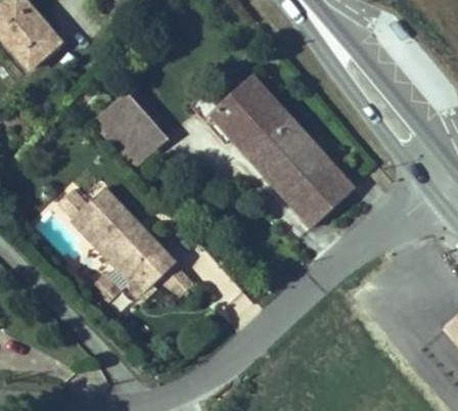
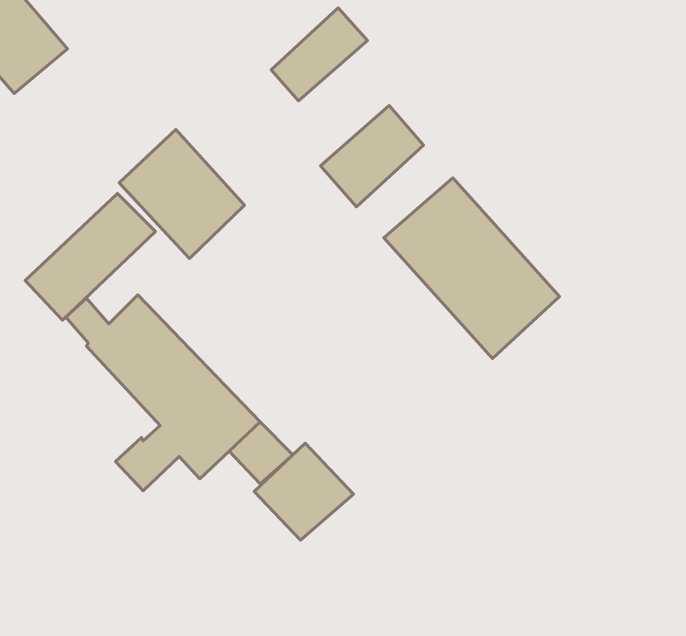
building: [233,99,290,154] -> [271,8,367,101]
building: none -> [25,194,155,320]
building: none -> [254,443,354,540]

